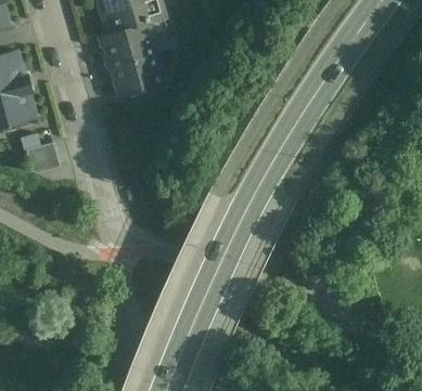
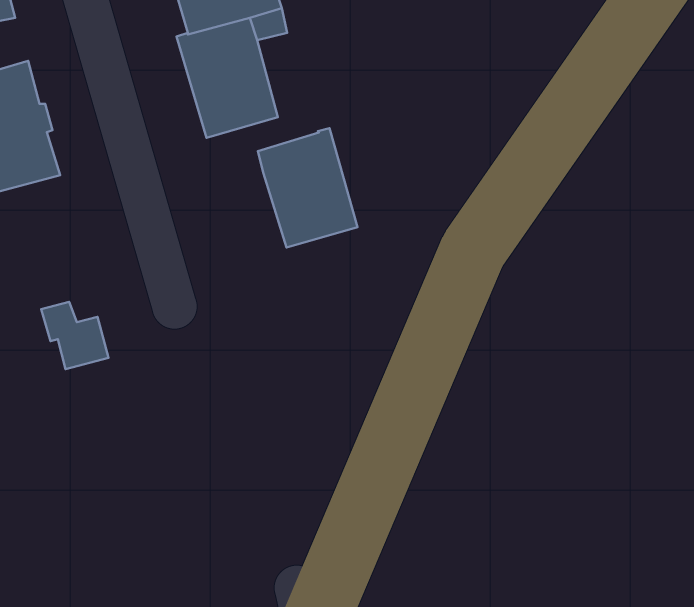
building: none -> [258,128,357,248]
building: [21,135,60,174] -> [41,302,109,369]

